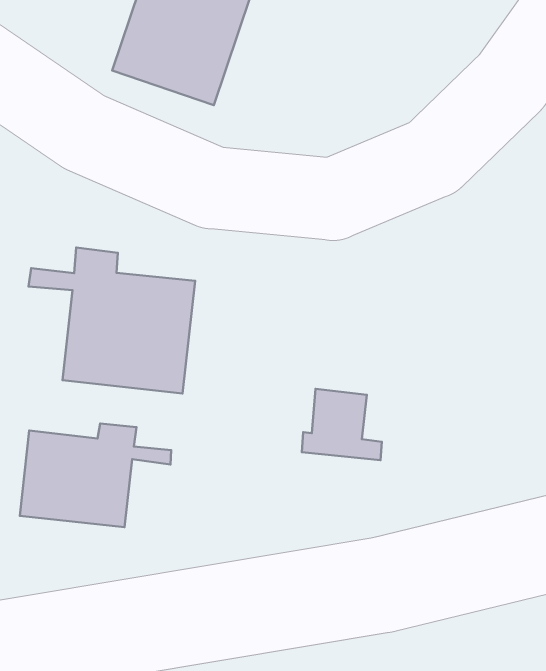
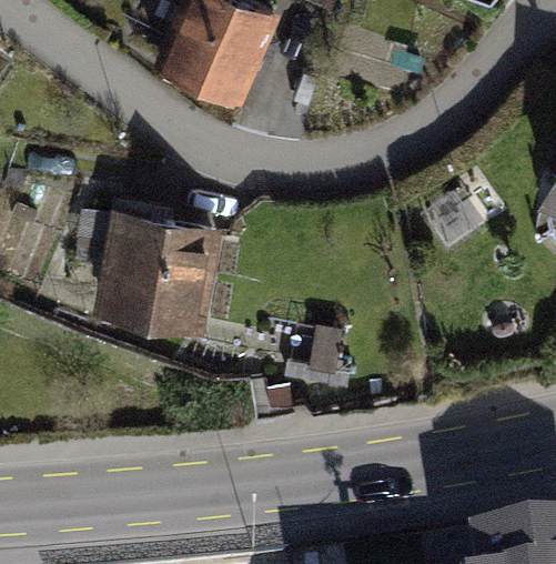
building: [20,424,171,527] -> none

